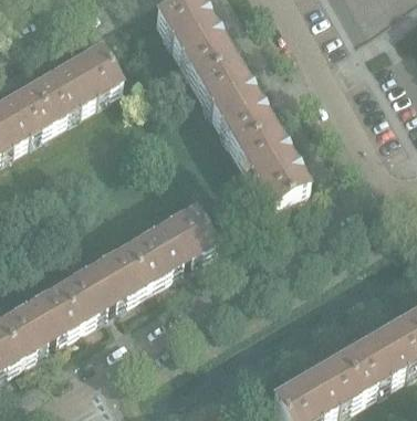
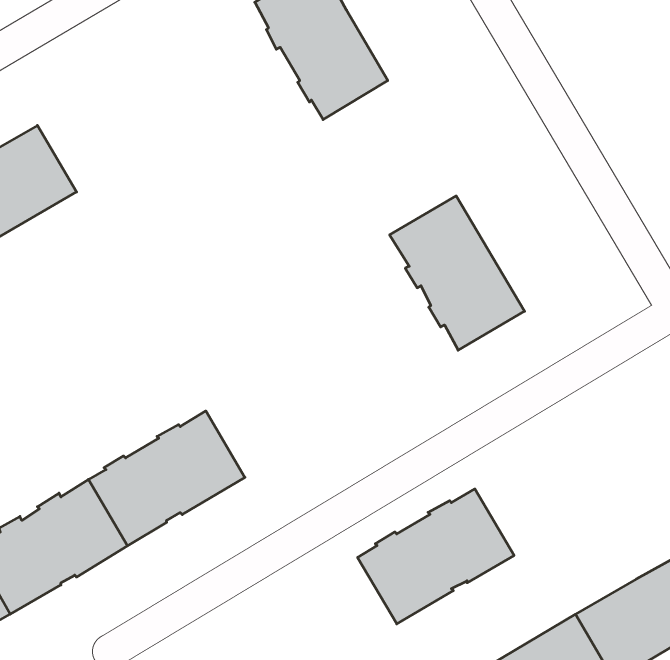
building: [33,44,122,120] -> none
building: [195,57,270,145] -> none
building: [128,206,217,282] -> [358,489,514,624]

